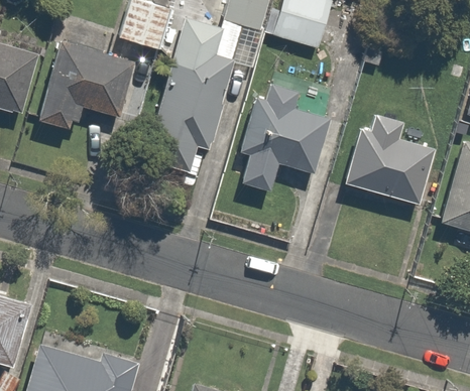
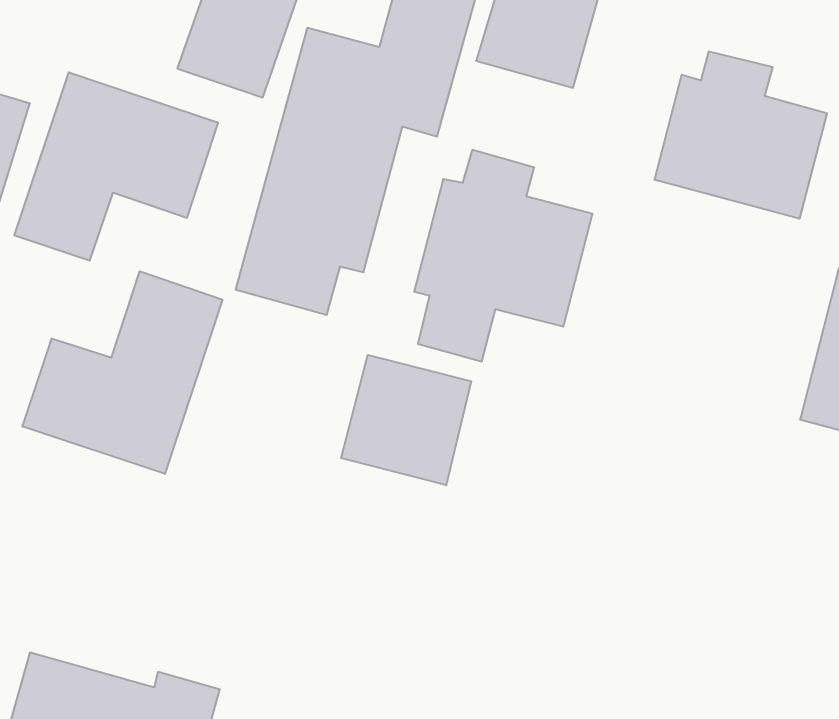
building: [345,118,435,205] -> [654,51,827,218]
building: none -> [22,271,222,474]
building: none -> [341,355,471,485]

